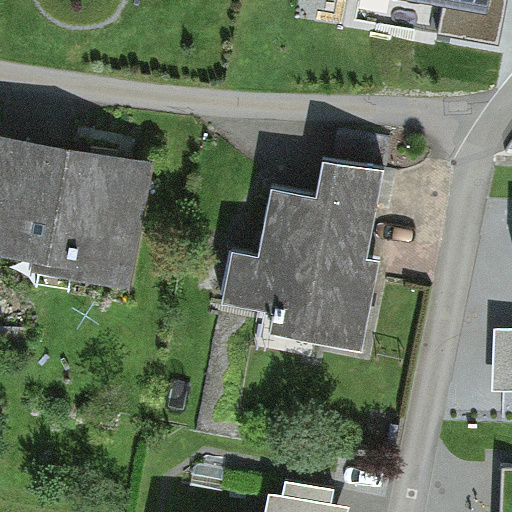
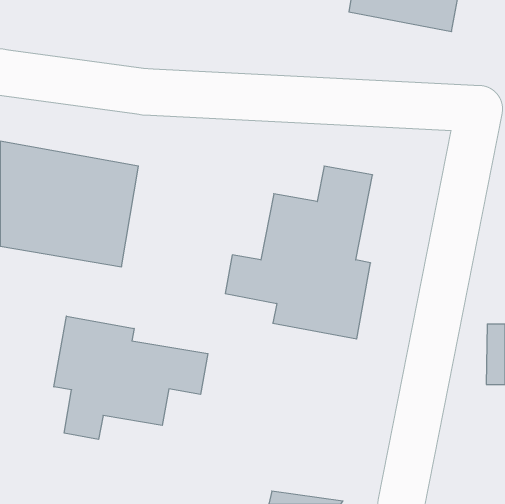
building: none -> [54,316,208,439]

